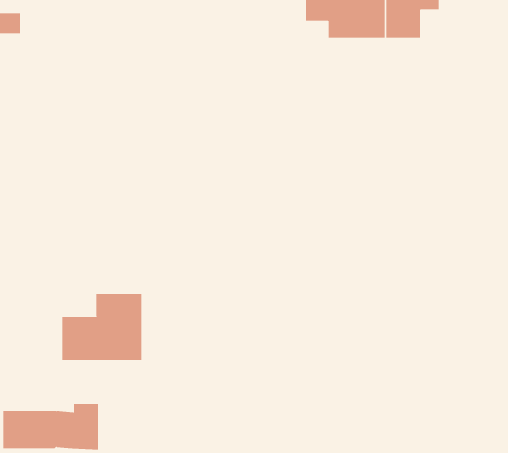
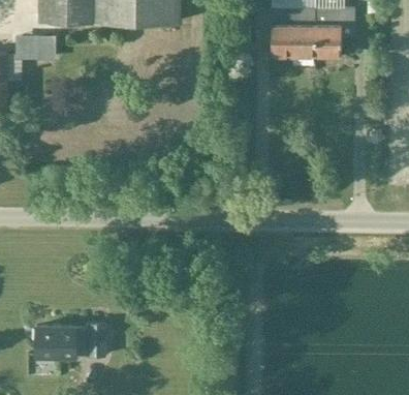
building: [62,293,142,361] -> none

